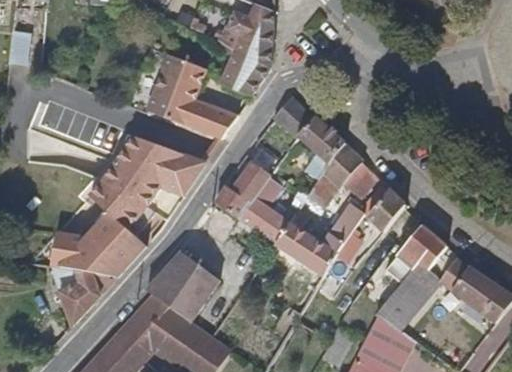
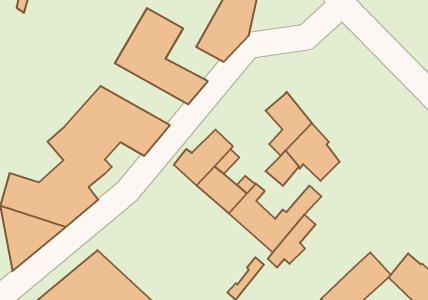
building: [273,96,314,138] -> none
building: [367,187,405,231] -> none
building: [391,226,445,278] -> none
building: [145,250,218,321] -> none

